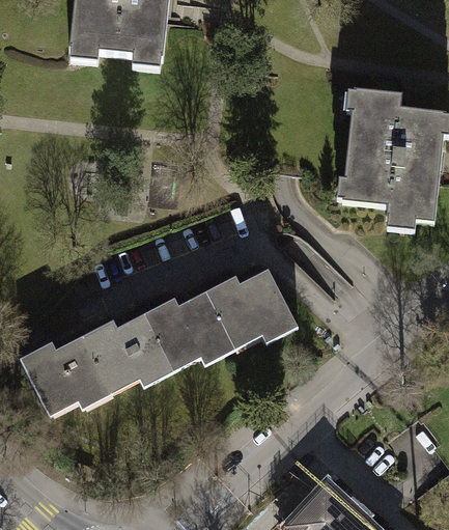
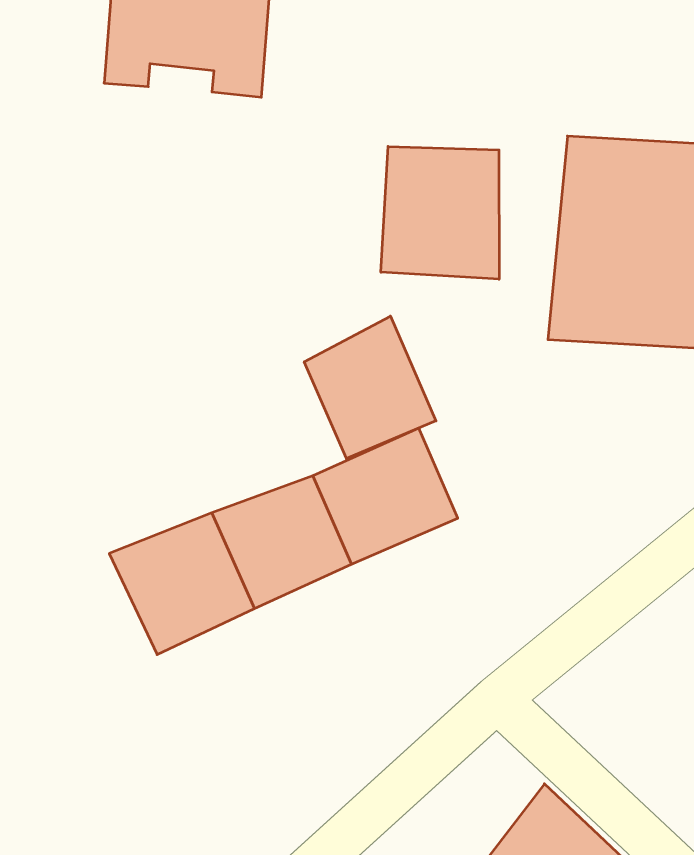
building: none -> [381,146,499,279]
building: none -> [304,316,436,459]
building: [23,340,104,430] -> none

